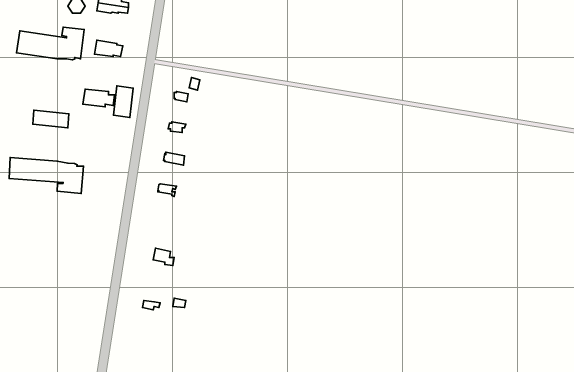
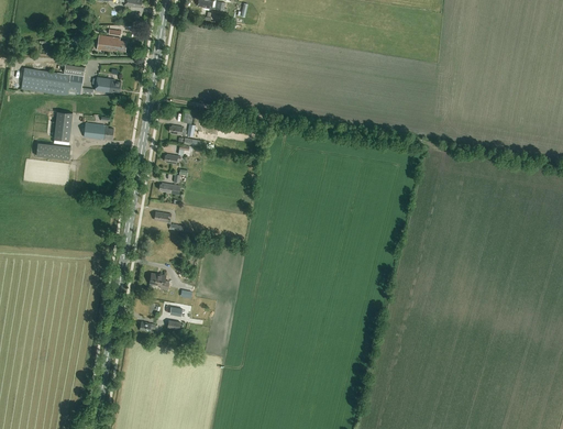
building: [113,86,133,117] -> [54,110,73,140]
building: [9,158,84,194] -> none

